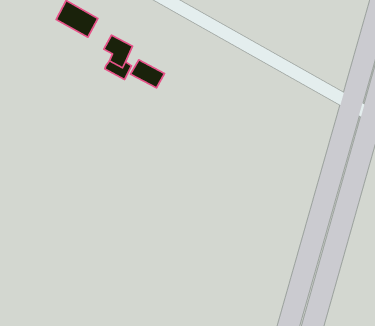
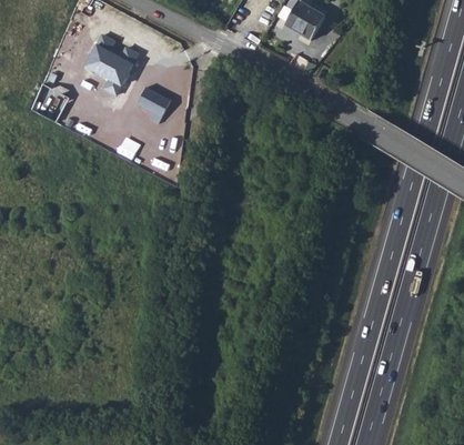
building: [131,60,165,88] -> none

